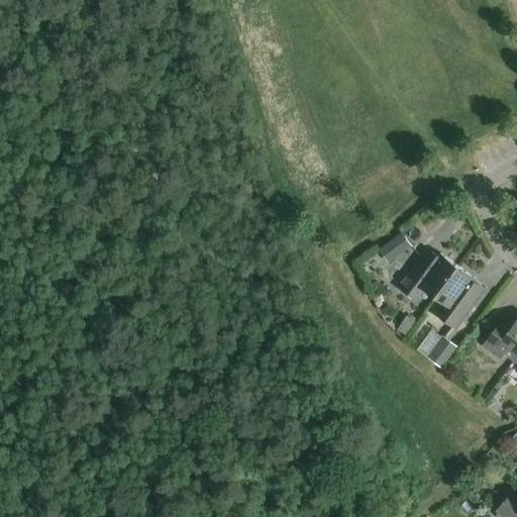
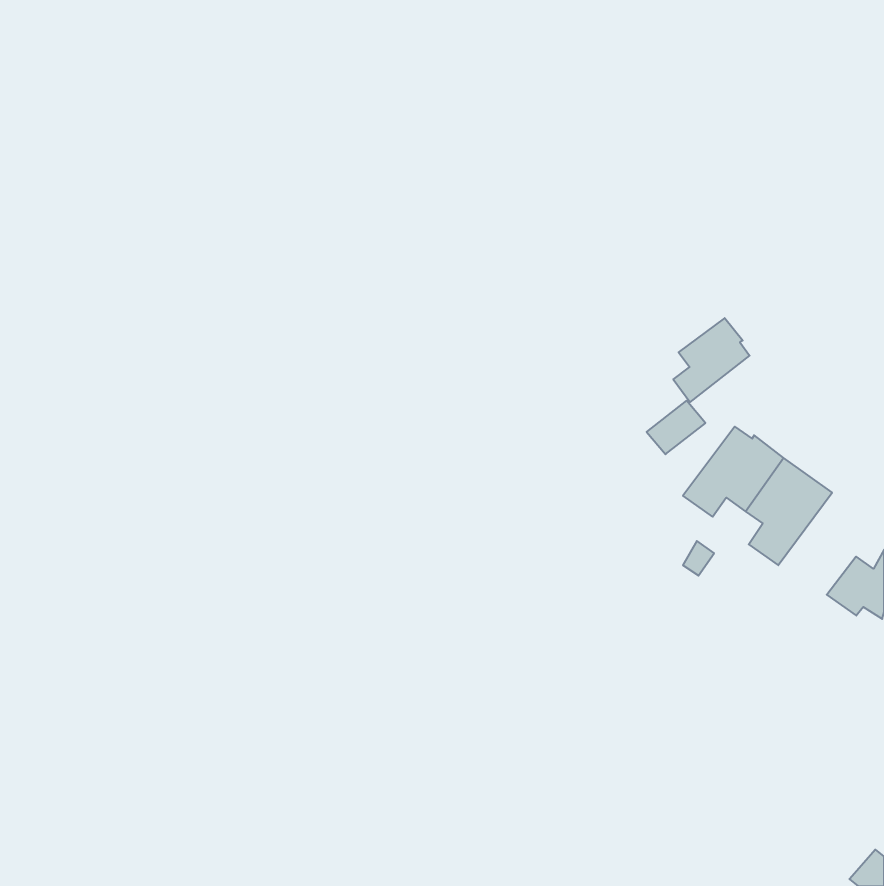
building: none -> [673,318,750,402]
building: [425,336,456,370] -> none

